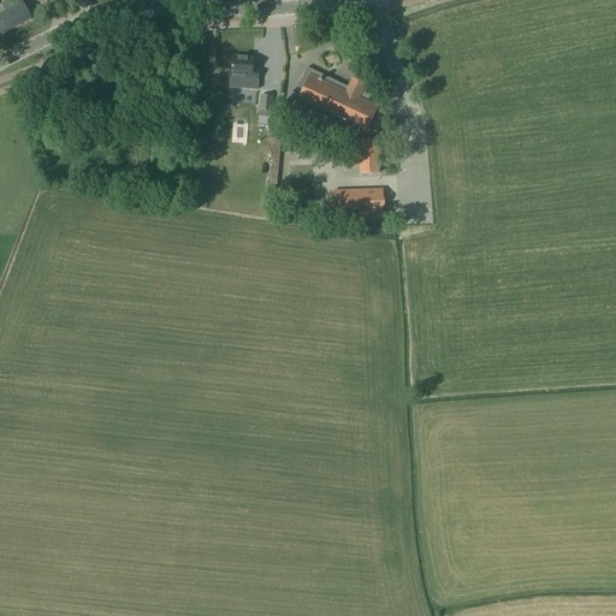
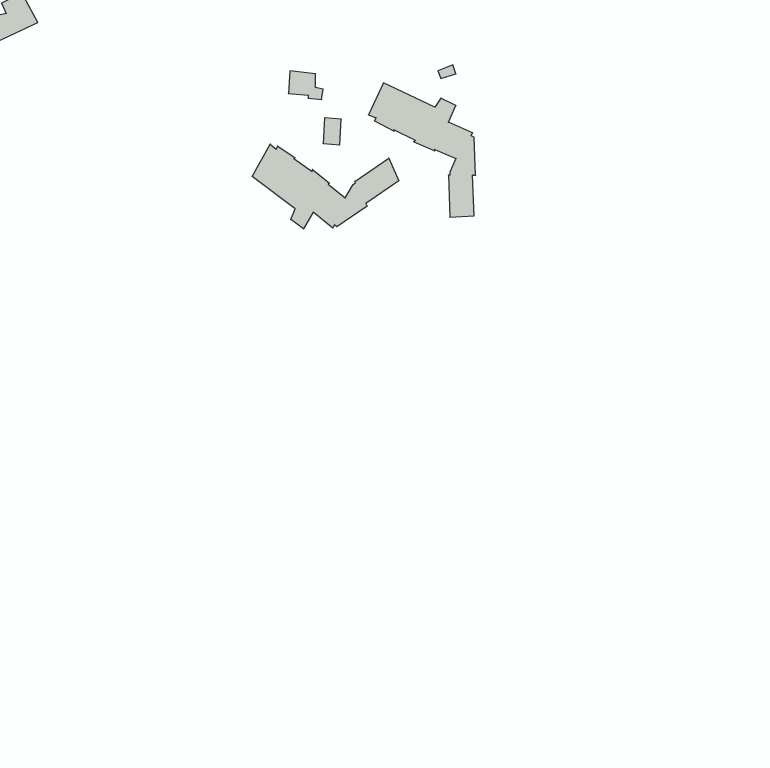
building: none -> [252,144,399,229]
building: [332,189,380,215] -> none

